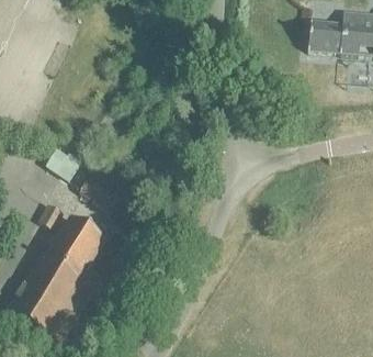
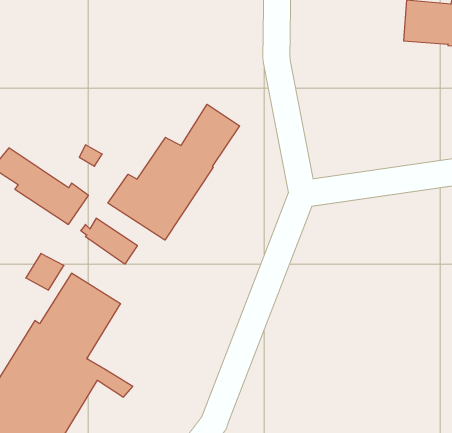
building: none -> [108,104,240,240]

